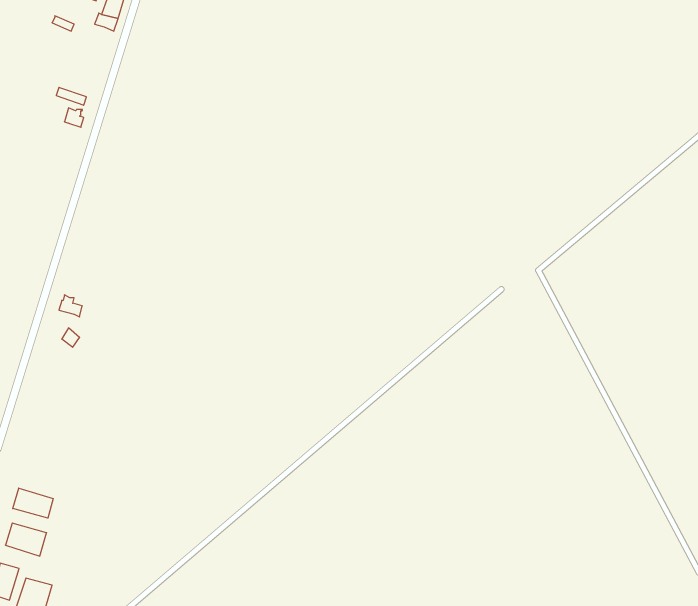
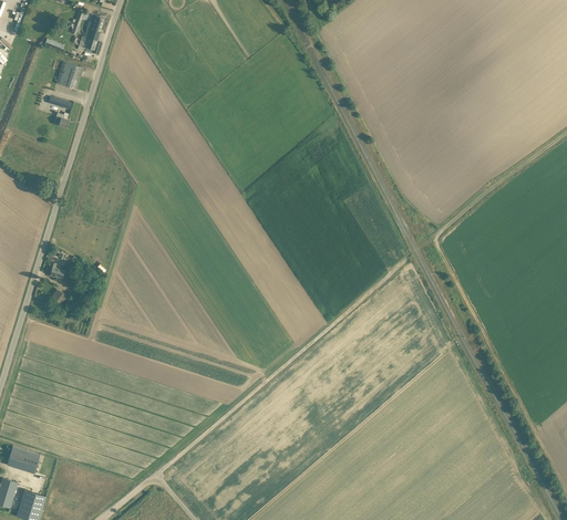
building: none -> [54,60,81,87]
building: [13,488,53,518] -> none

